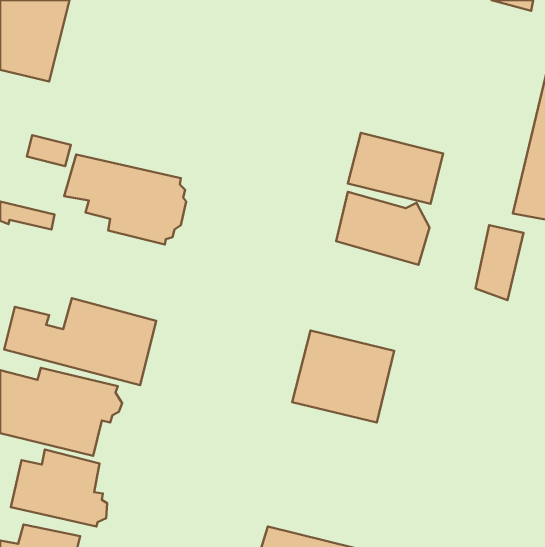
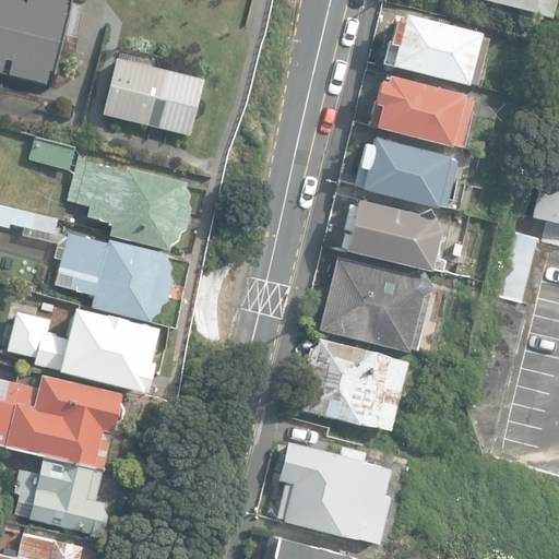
building: none -> [383,11,489,83]
building: none -> [105,57,205,135]
building: none -> [371,73,468,144]
building: none -> [53,233,174,322]
building: none -> [321,257,433,354]
building: none -> [280,443,390,539]

